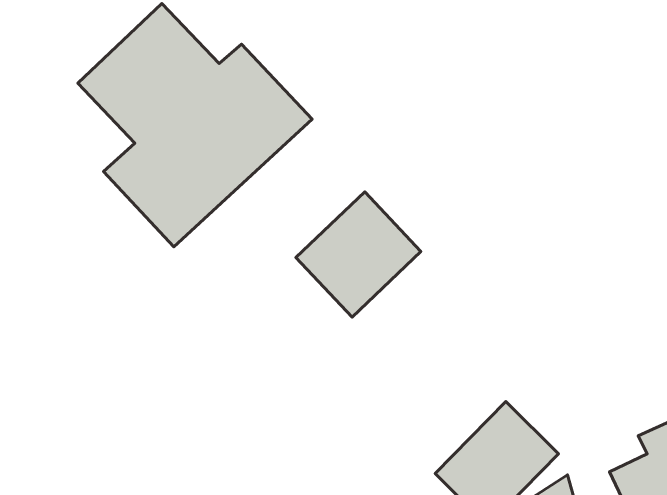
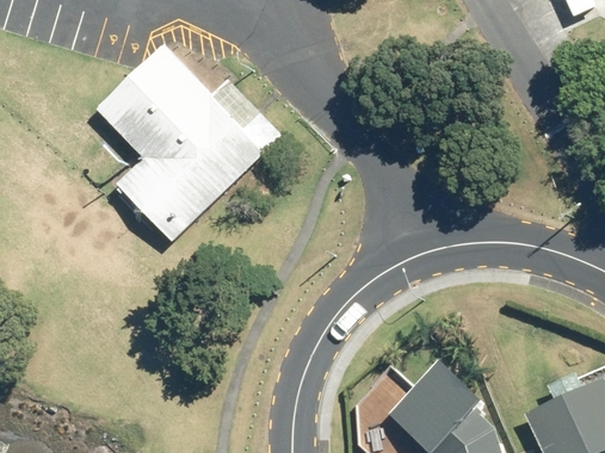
building: [296,192,421,317] -> none

